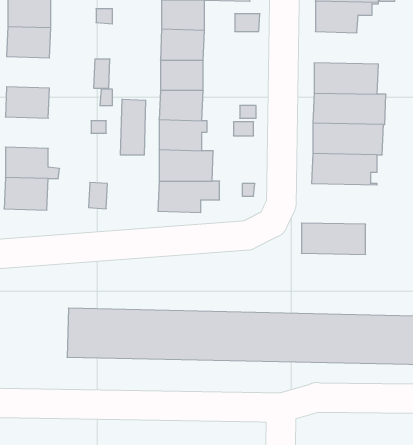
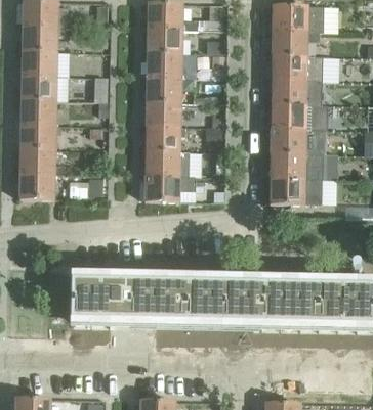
building: none -> [271,54,323,81]
building: none -> [20,75,55,100]
building: [121,99,146,155] -> none
building: none -> [19,124,54,149]
building: [301,223,366,254] -> [268,178,321,203]

